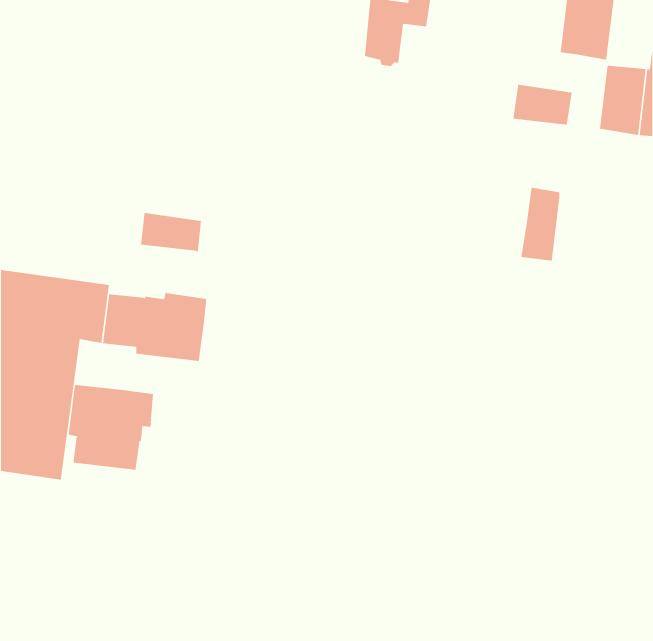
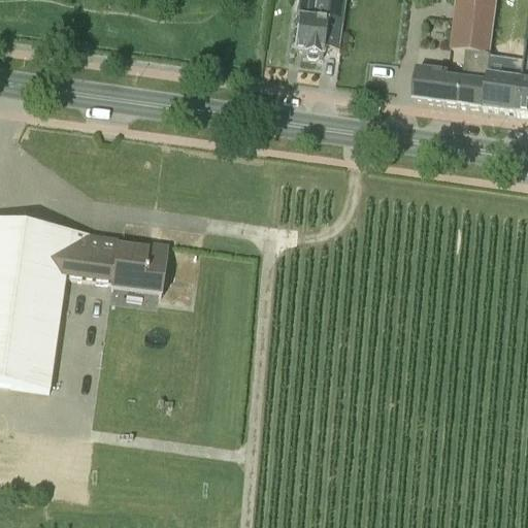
building: [521,187,560,261] -> [458,44,490,104]
building: [140,212,201,252] -> none
building: [68,384,153,470] -> none

